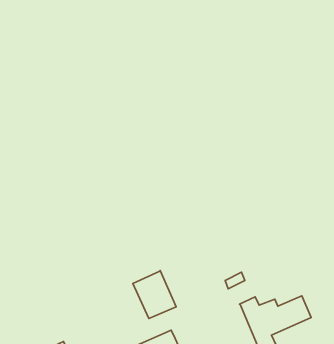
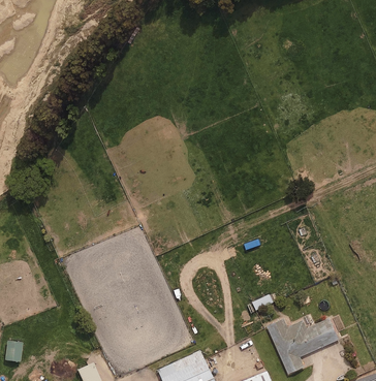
building: [133,270,176,318] -> none

